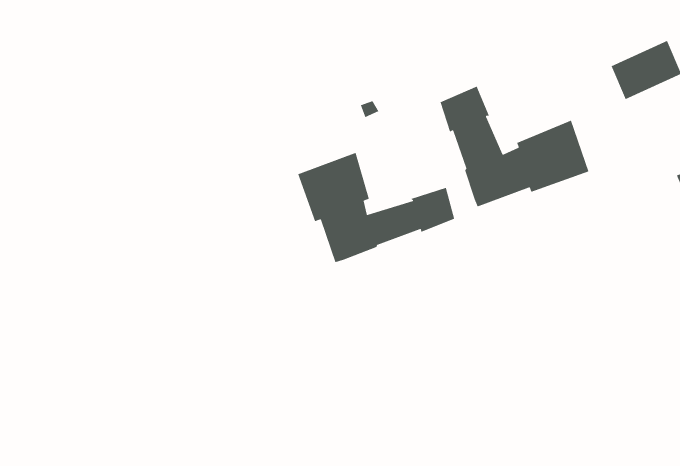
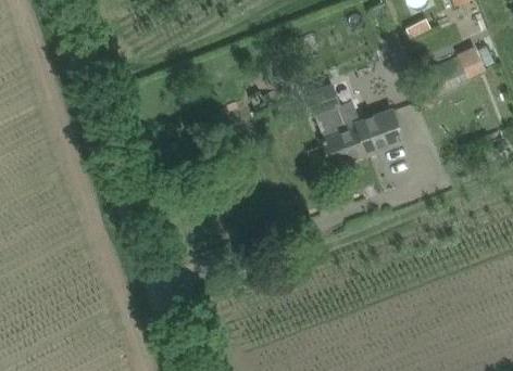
building: [297,152,455,263] -> none

